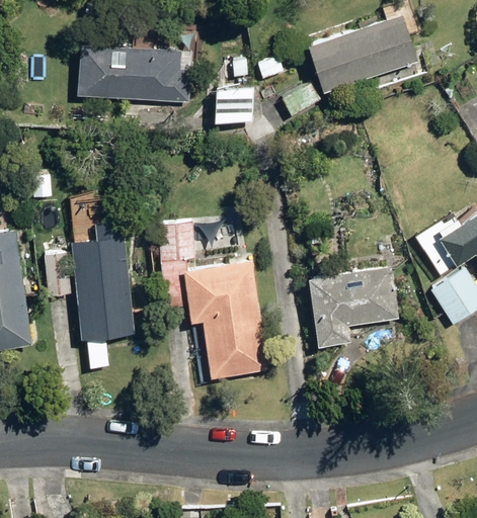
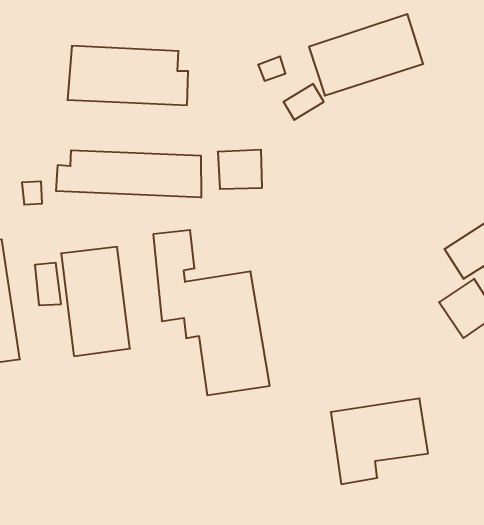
building: [212,86,254,123] -> [218,150,262,189]
building: none -> [56,150,201,198]
building: [306,266,399,348] -> [331,398,428,484]

